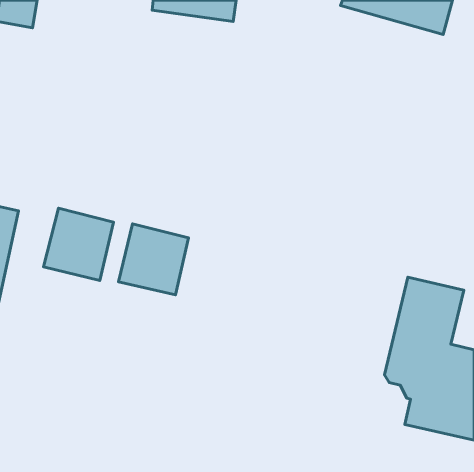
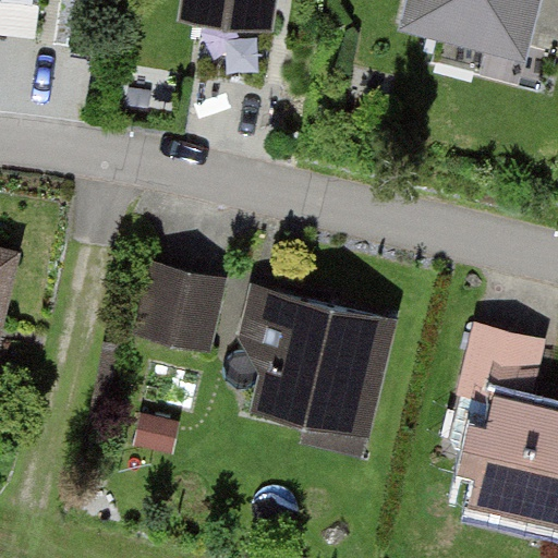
building: [43,208,113,281] -> none
building: none -> [257,295,389,428]

